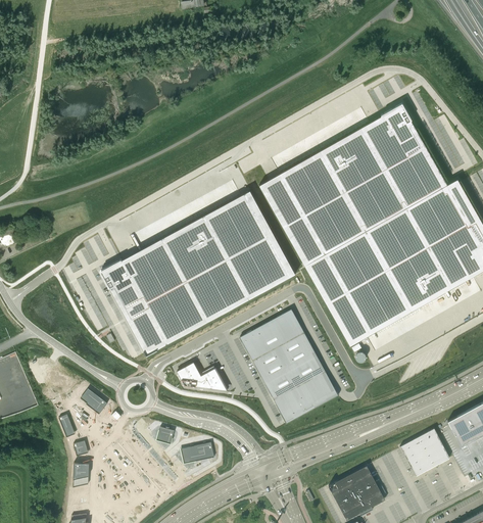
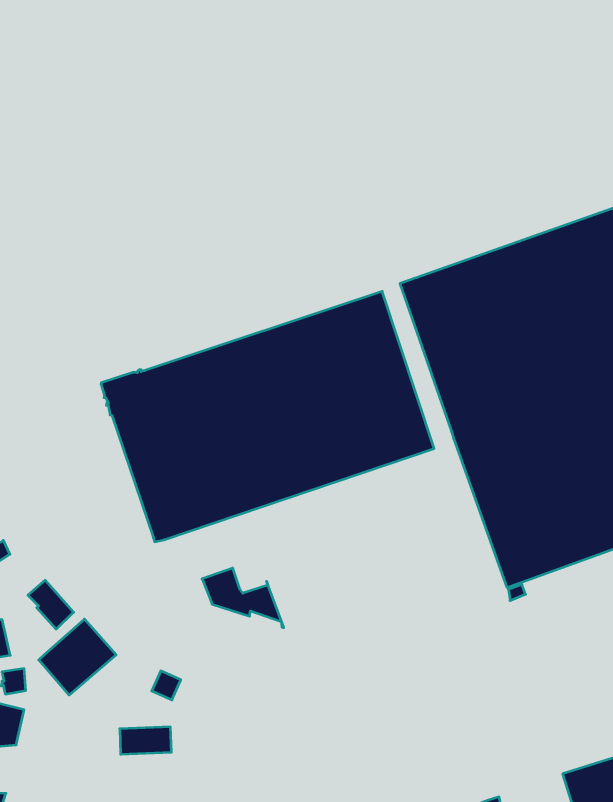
building: [240,310,338,423] -> none
building: none -> [39,619,116,695]
building: [182,443,213,464] -> [120,727,171,754]

